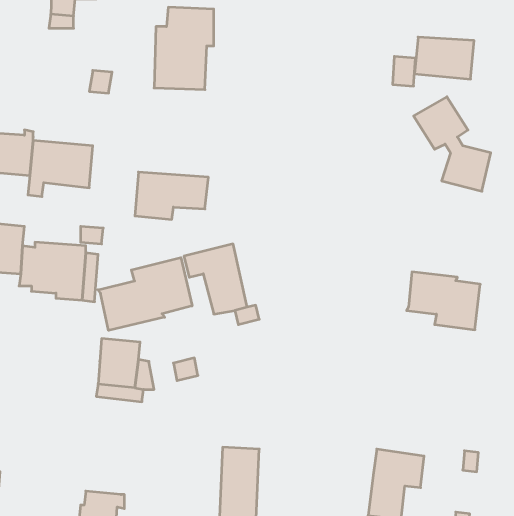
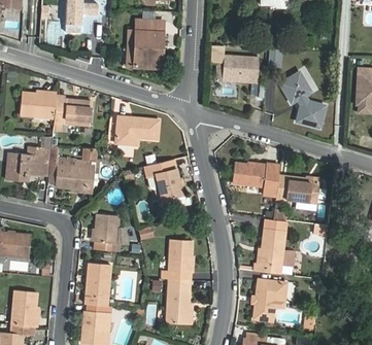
building: [415,37,474,79] -> [223,56,258,80]
building: none -> [232,163,279,196]
building: [98,258,192,330] -> none
building: none -> [253,228,285,274]
building: none -> [162,239,192,279]
building: none -> [84,263,110,306]

